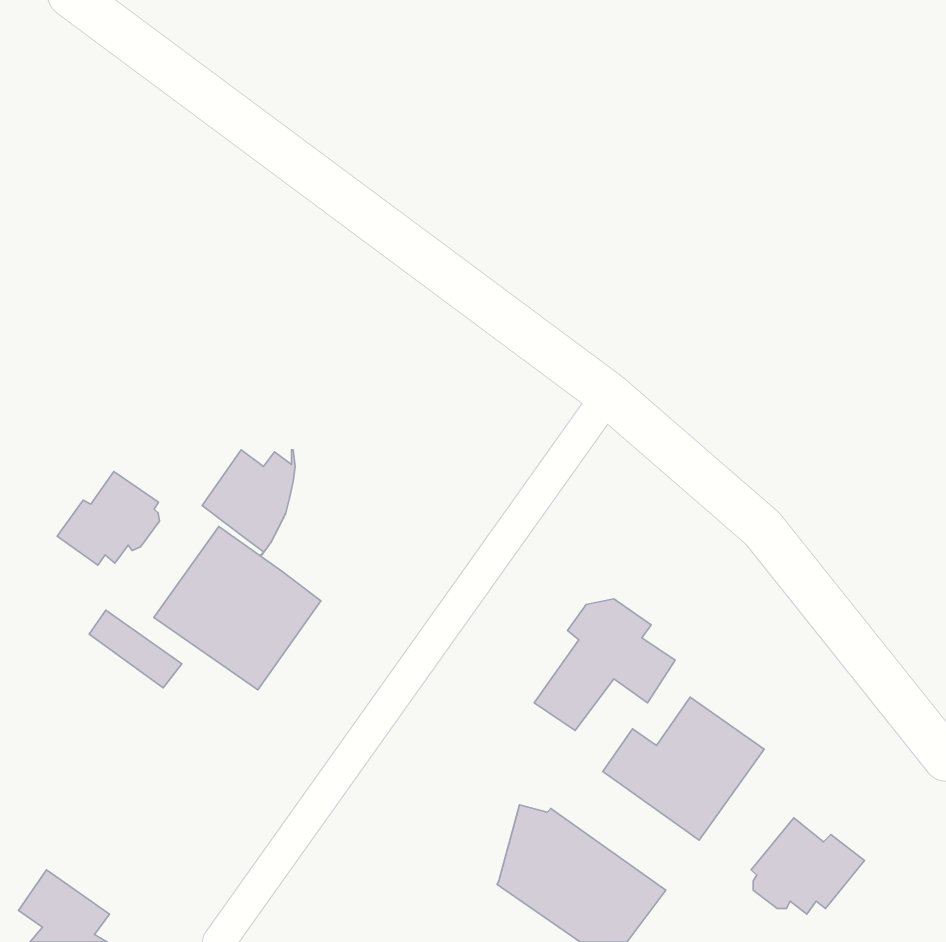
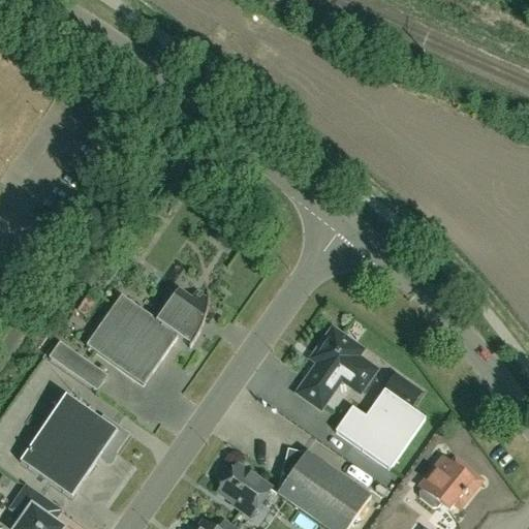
building: [202,450,295,556] -> [157,287,209,346]
building: [57,471,159,565] -> none
building: none -> [20,391,130,496]
building: none -> [219,464,271,514]

